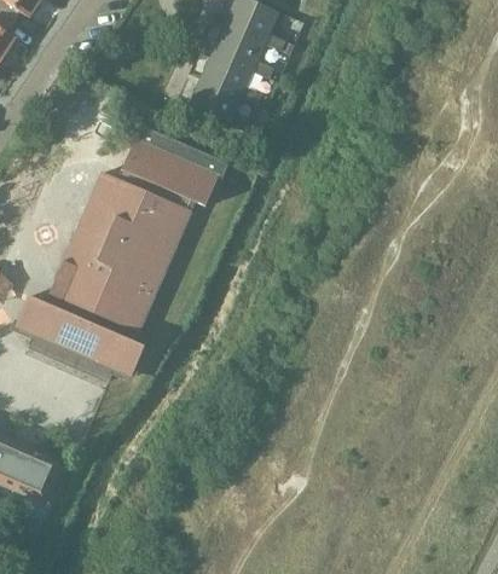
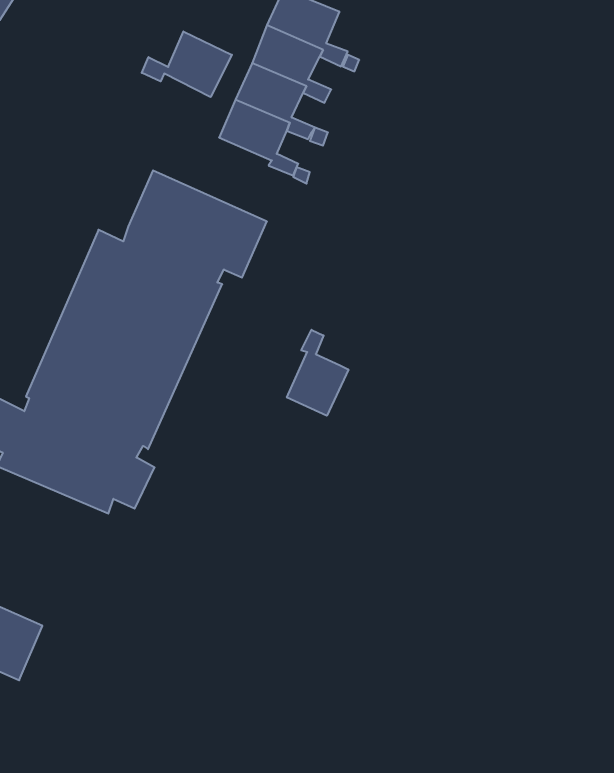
building: none -> [142,31,232,97]
building: none -> [287,330,348,416]

